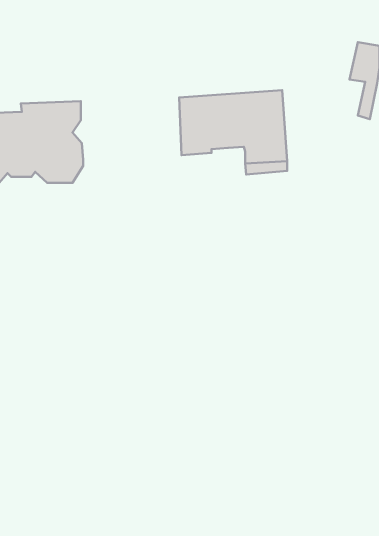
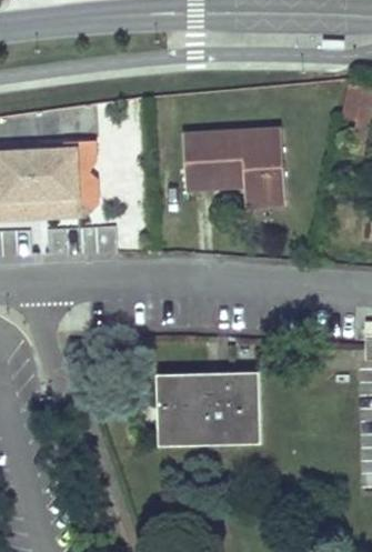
building: none -> [157,372,262,446]

